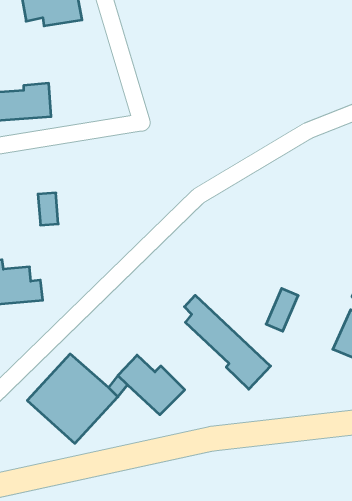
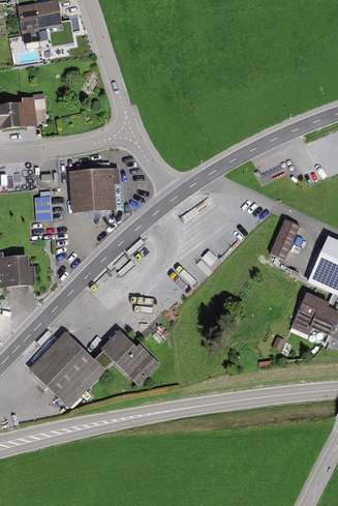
building: none -> [69,167,123,211]
building: [266,288,298,331] -> [271,217,299,255]
building: [184,295,271,389] -> none

